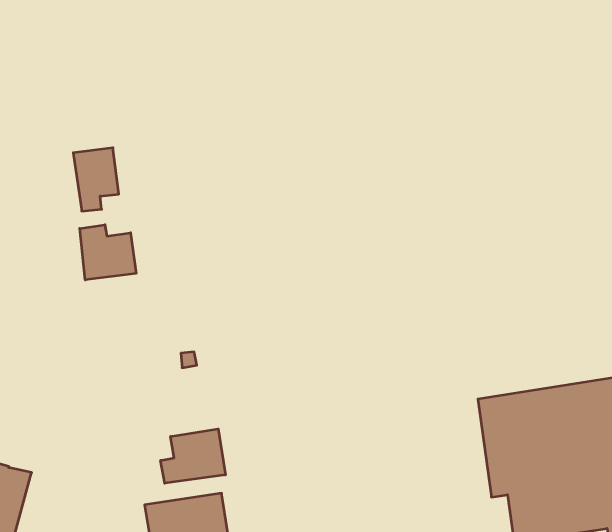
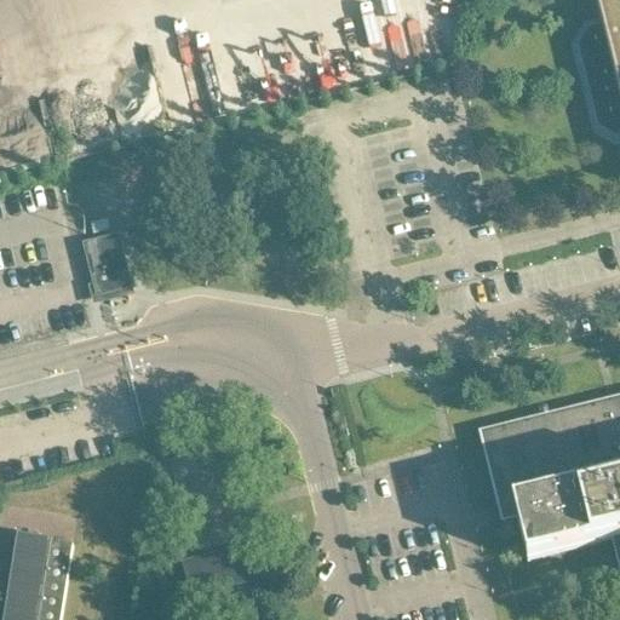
building: [80,225,136,280] -> none
building: [161,429,225,483] -> none

